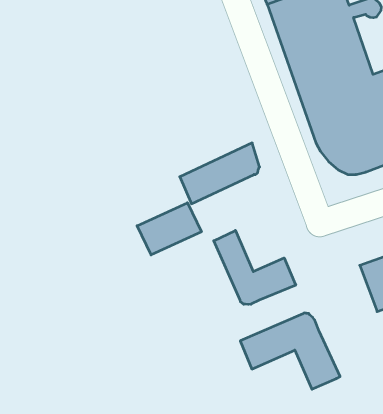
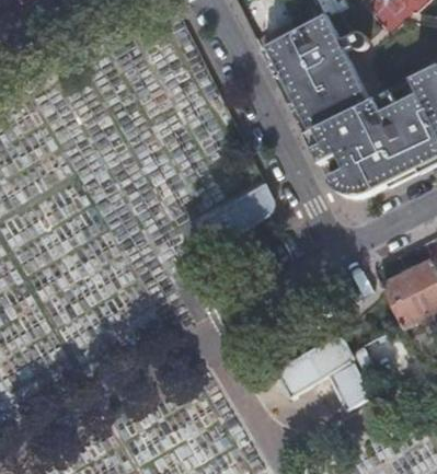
building: [137,203,201,255] -> none
building: [214,230,296,304] -> none

